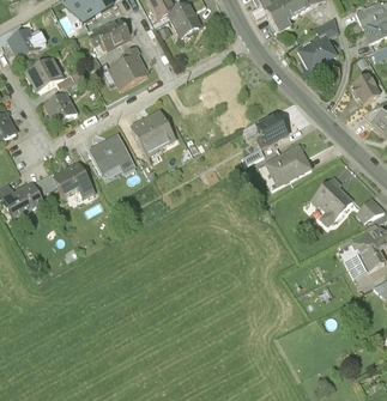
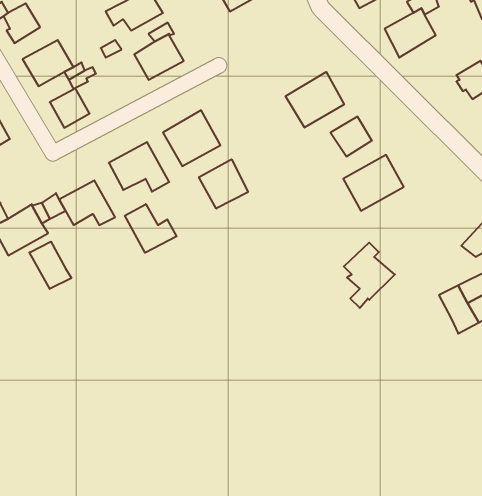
building: none -> [286,72,344,128]
building: none -> [199,159,248,209]
building: [314,175,352,224] -> [344,243,395,308]
building: none -> [125,204,177,253]
building: none -> [29,242,71,289]

